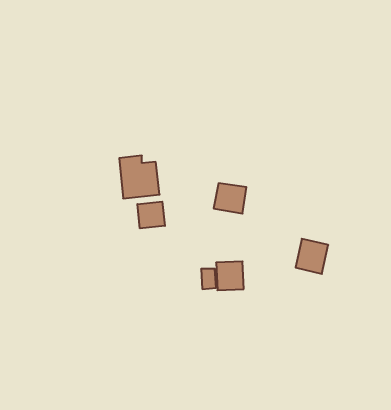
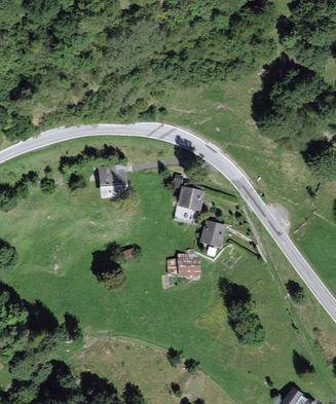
building: [137,202,165,228] -> none
building: [296,239,328,274] -> [199,220,226,249]

